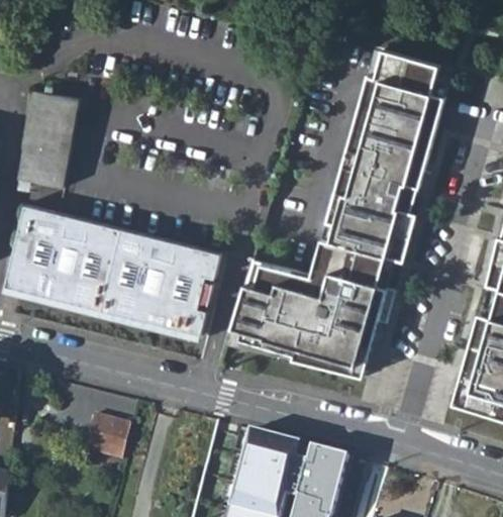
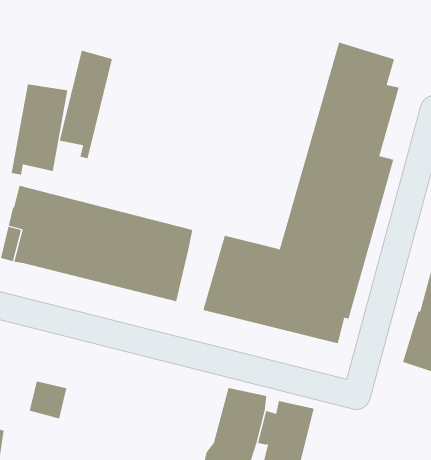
building: none -> [59,50,112,159]
building: [85,417,127,459] -> [29,381,67,419]

